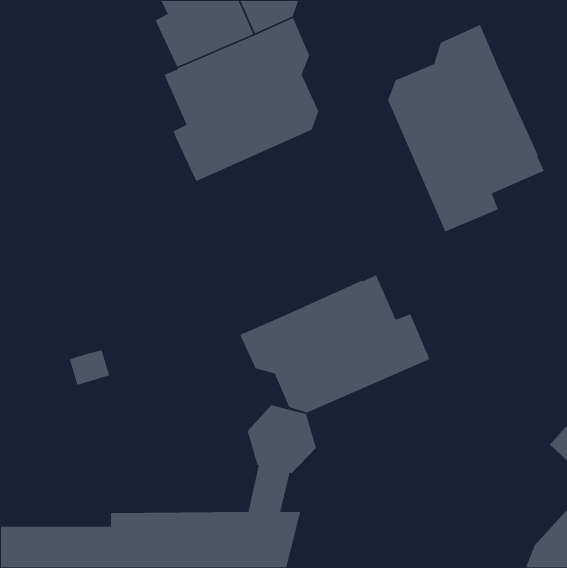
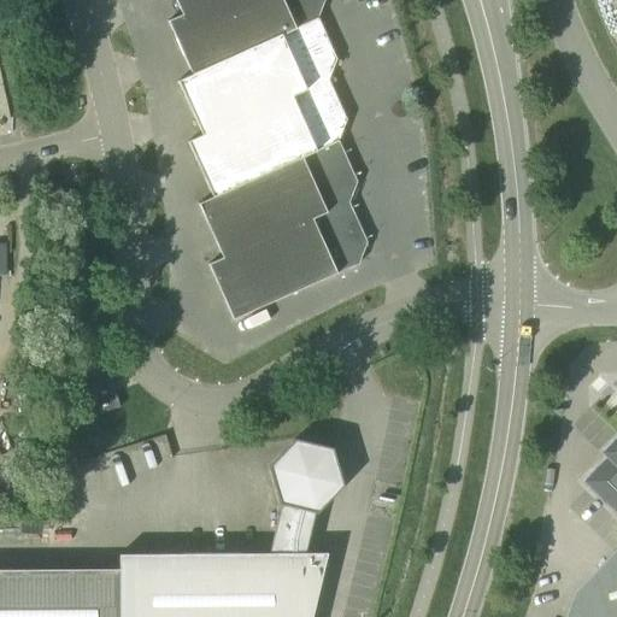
building: [387,24,545,233] -> none
building: none -> [199,141,368,321]
building: [239,274,430,413] -> none

